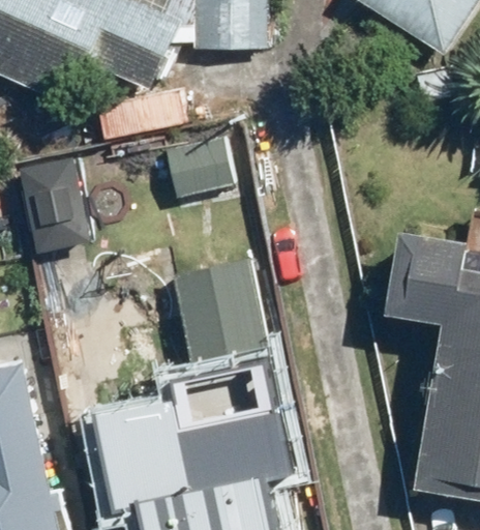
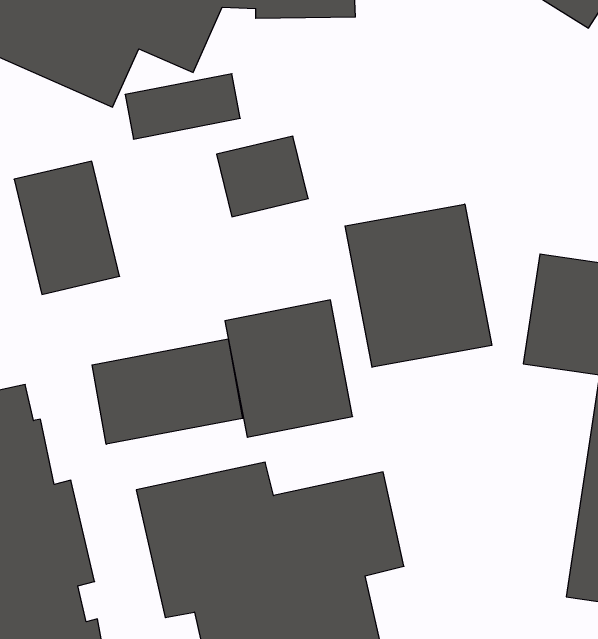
building: none -> [345,204,492,367]
building: none -> [92,339,243,444]

